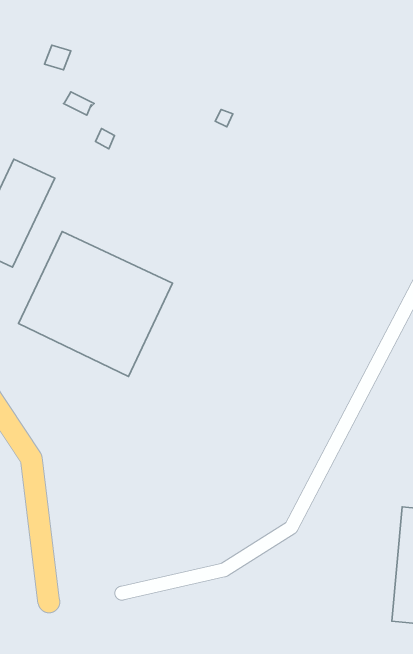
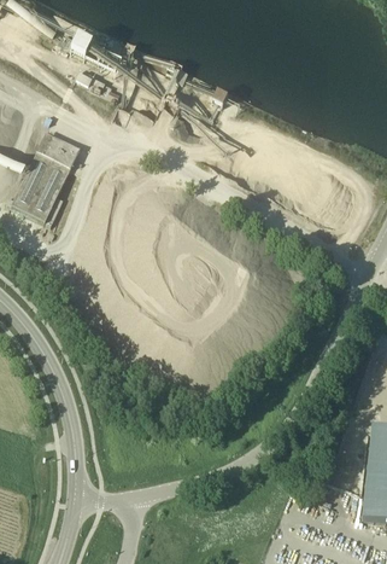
building: [19,232,173,376] -> none

